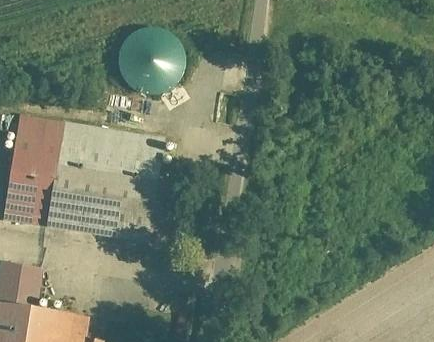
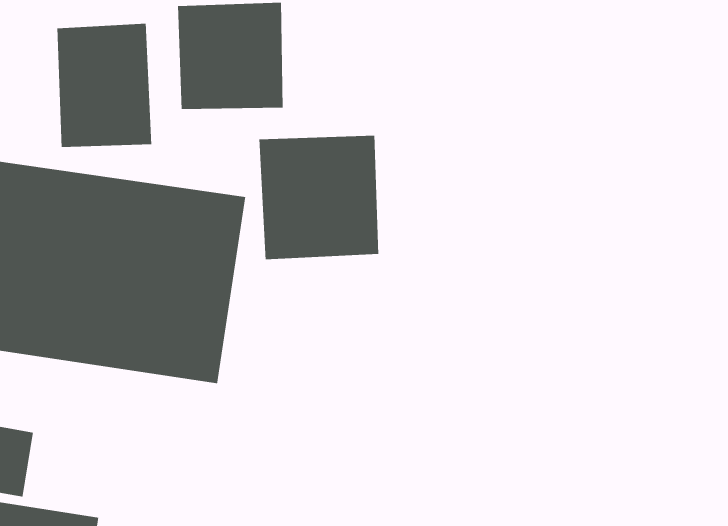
building: none -> [57,23,152,148]
building: none -> [259,135,379,260]

